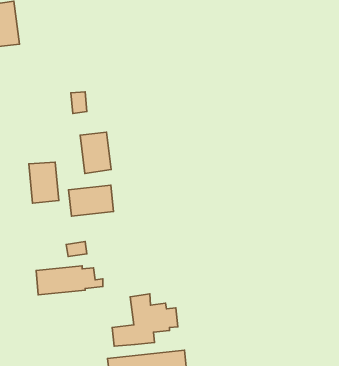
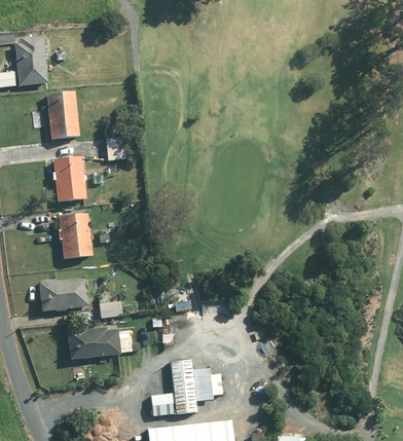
building: none -> [45,91,78,139]
building: [80,132,111,173] -> [51,157,85,203]
building: [69,185,114,216] -> [39,278,88,311]

